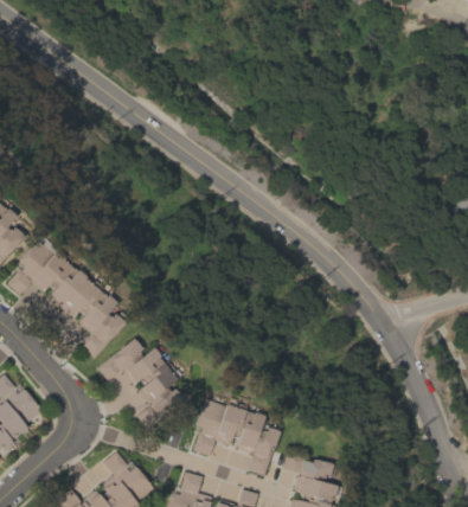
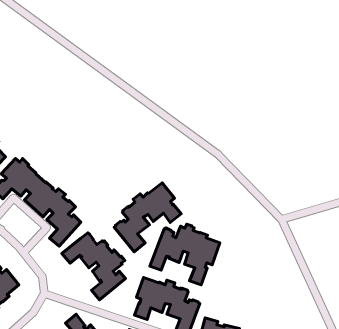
building: none -> [114,183,181,252]
building: none -> [150,224,220,285]

